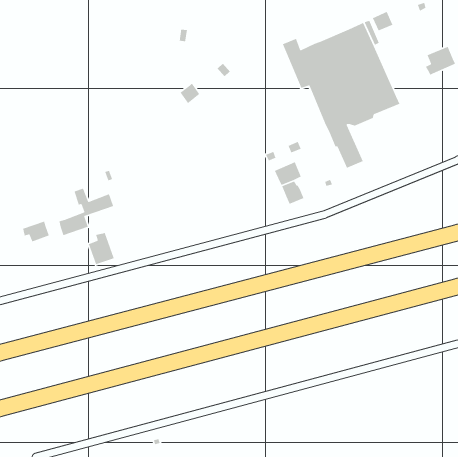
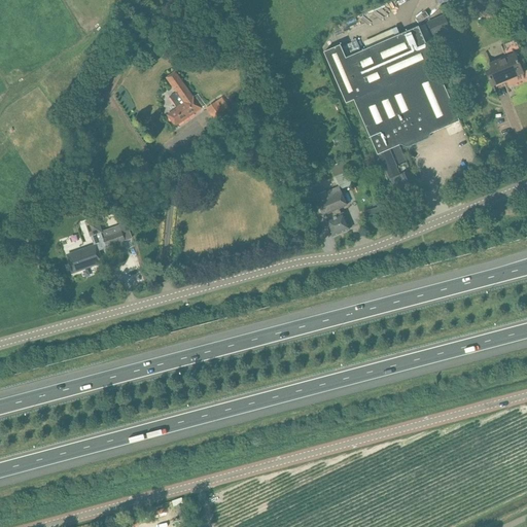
building: none -> [166,70,200,125]
building: [21,219,50,242] -> none
building: [88,230,117,265] -> none

